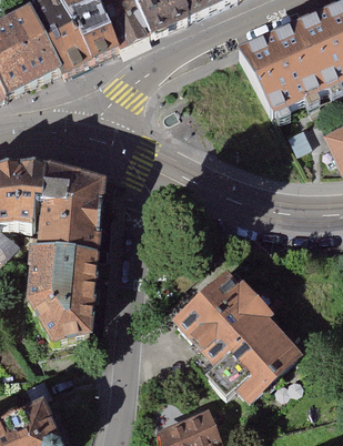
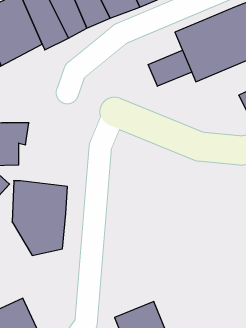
building: none -> [148,50,192,86]
building: [36,169,105,253] -> none
building: [170,267,305,404] -> none

